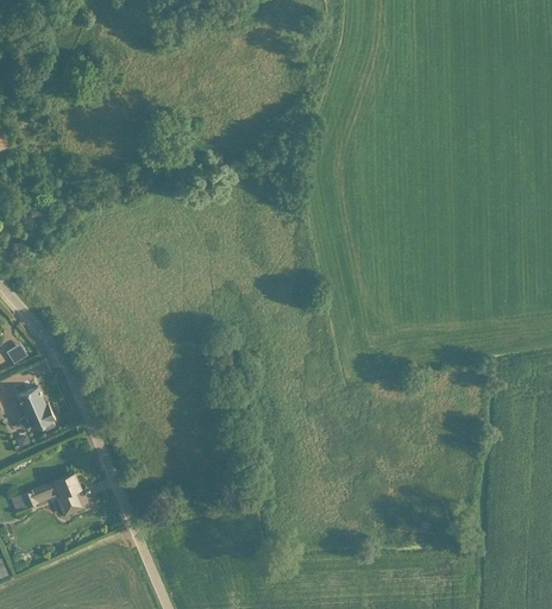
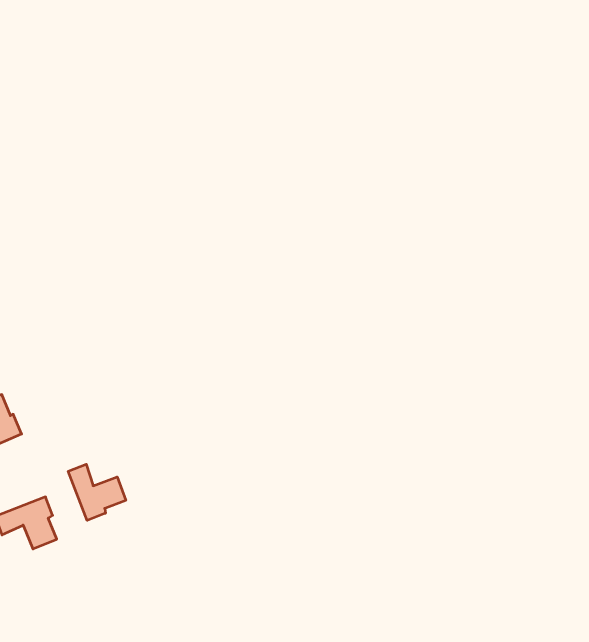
building: none -> [68,464,126,520]

